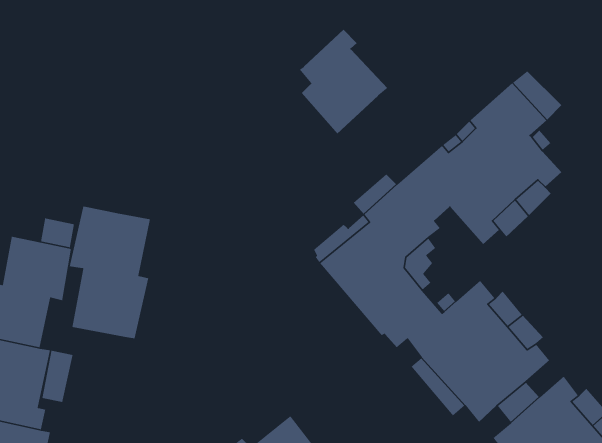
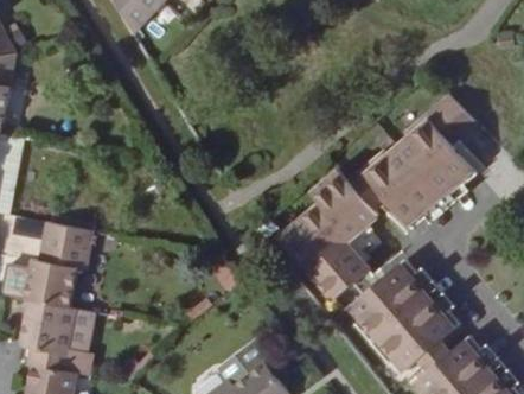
building: [299,29,388,135] -> none
building: [69,205,151,339] -> none

